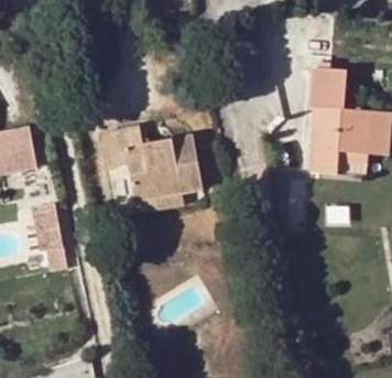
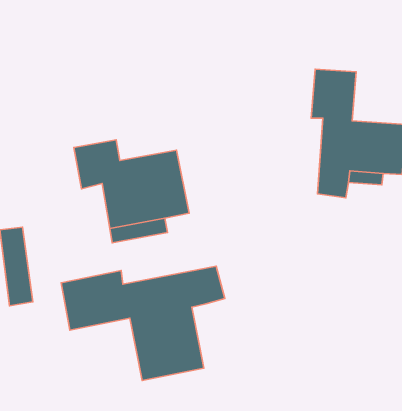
building: none -> [61,266,225,381]

